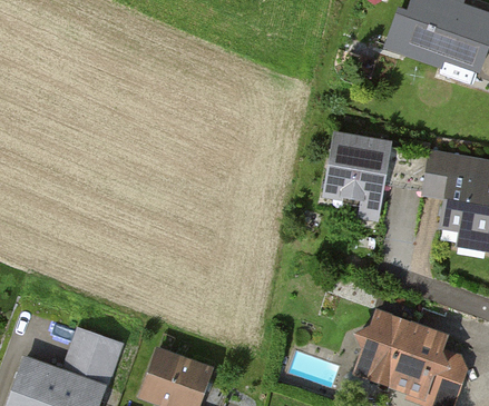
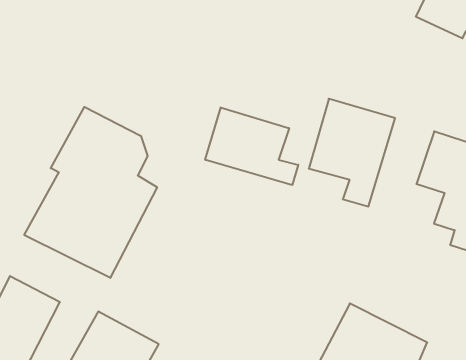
building: none -> [205,107,298,185]
building: none -> [24,107,157,278]

